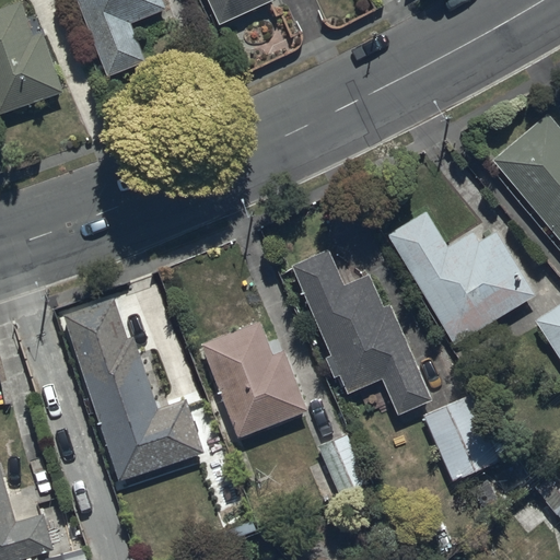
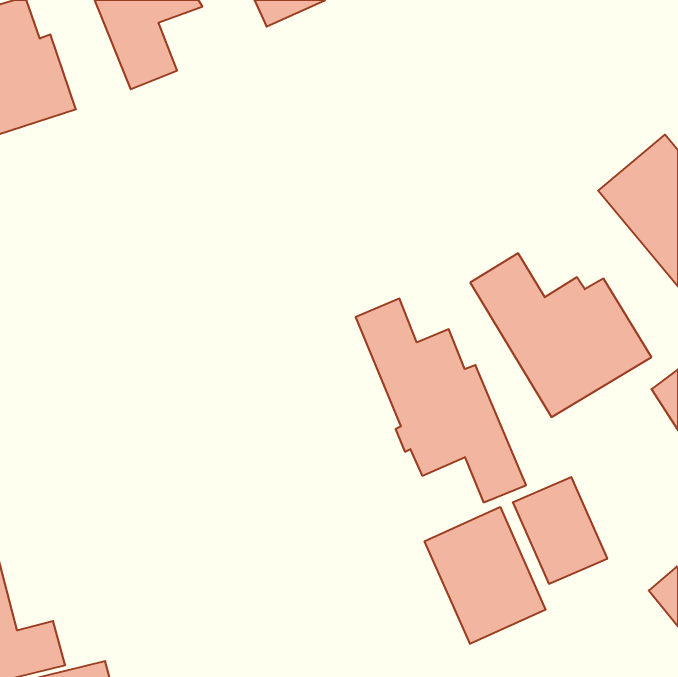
building: [63,296,205,479] -> none
building: [199,320,306,436] -> none
building: none -> [425,507,546,644]

